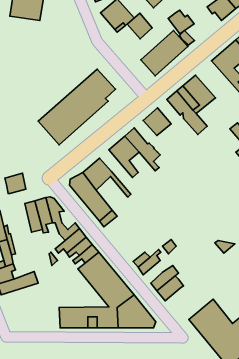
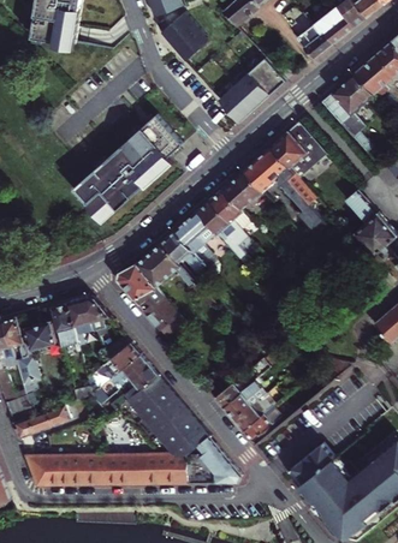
building: [168,10,194,34] -> [296,25,333,59]
building: [127,13,152,39] -> none
building: none -> [242,157,274,192]
building: none -> [208,187,248,228]
building: none -> [159,229,213,281]
building: [5,173,26,193] -> [24,321,54,350]
building: none -> [221,382,263,420]
building: none -> [24,455,102,484]

